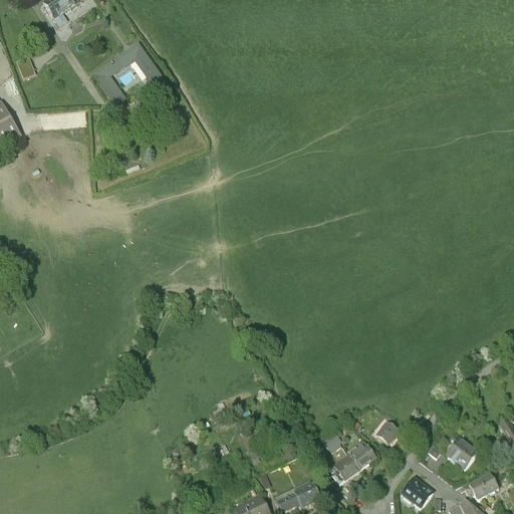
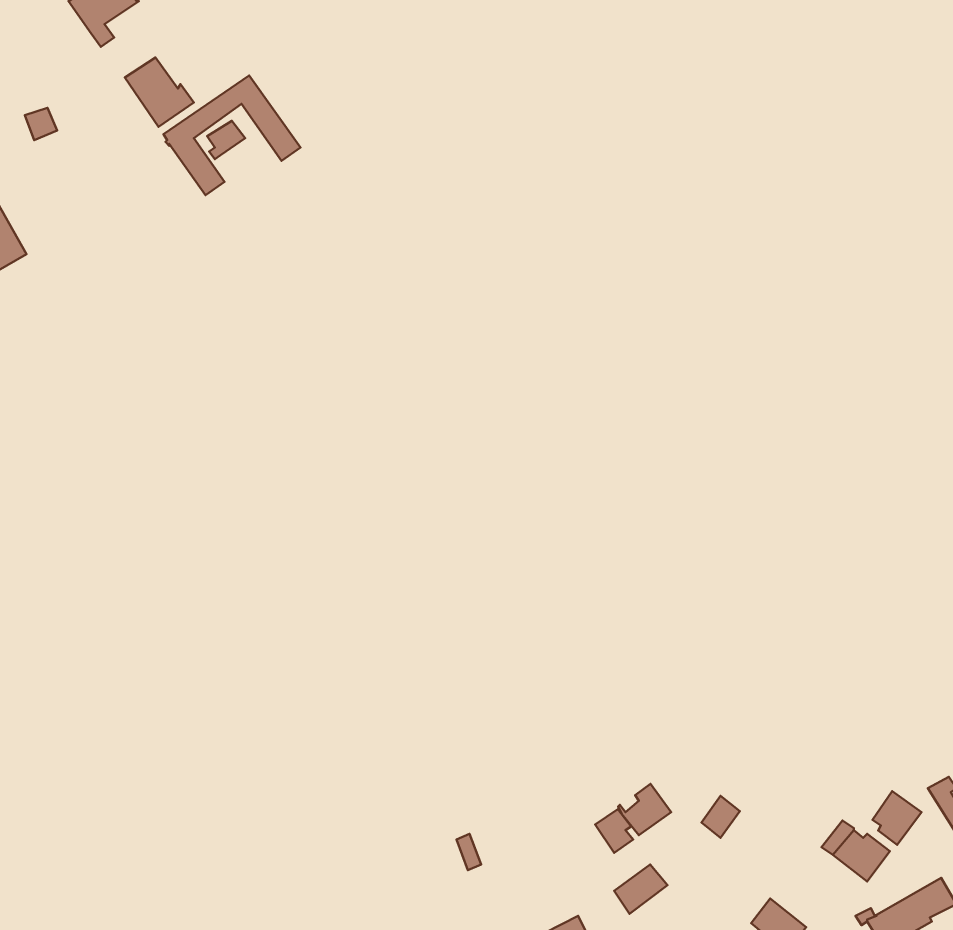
building: none -> [125,57,194,127]
building: none -> [873,791,922,845]
building: [347,442,375,469] -> [618,784,671,835]

